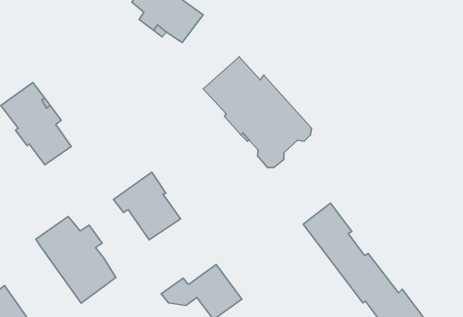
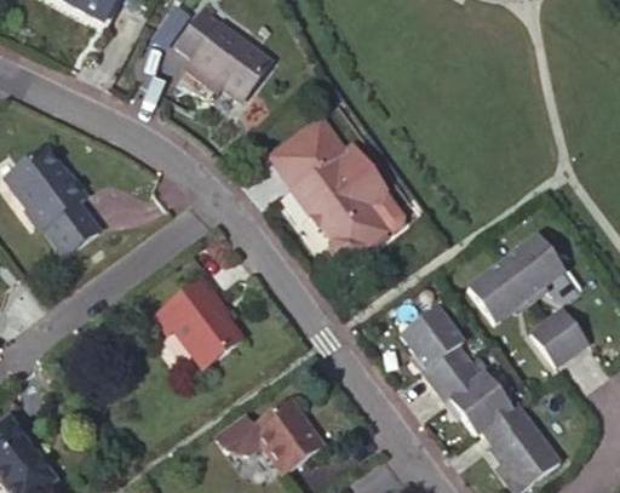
building: none -> [469,239,570,329]
building: none -> [534,314,590,368]
building: [36,217,116,303] -> none

